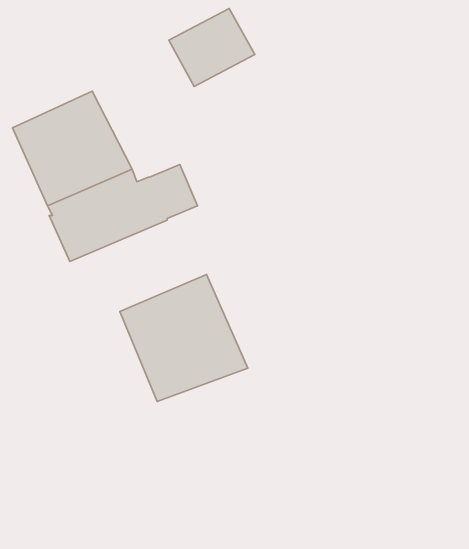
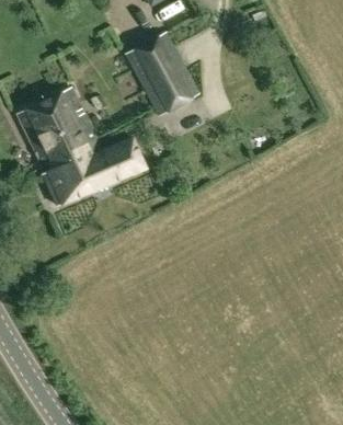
building: none -> [142,64,199,116]
building: [120,274,248,401] -> none

